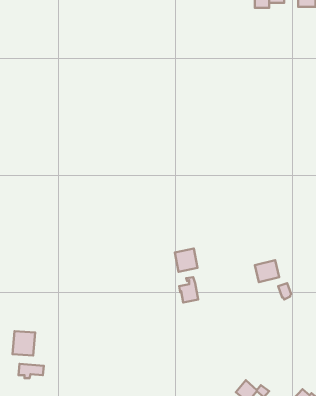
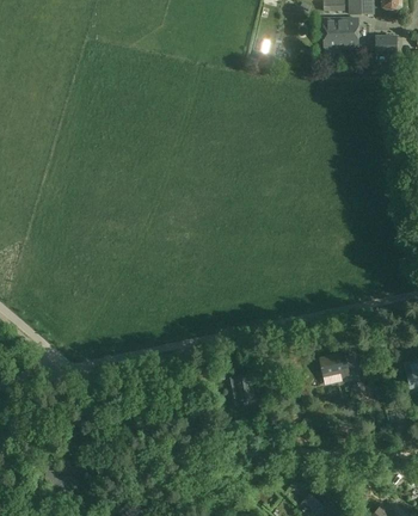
building: [175,249,197,272] -> none
building: [12,331,35,356] -> none

